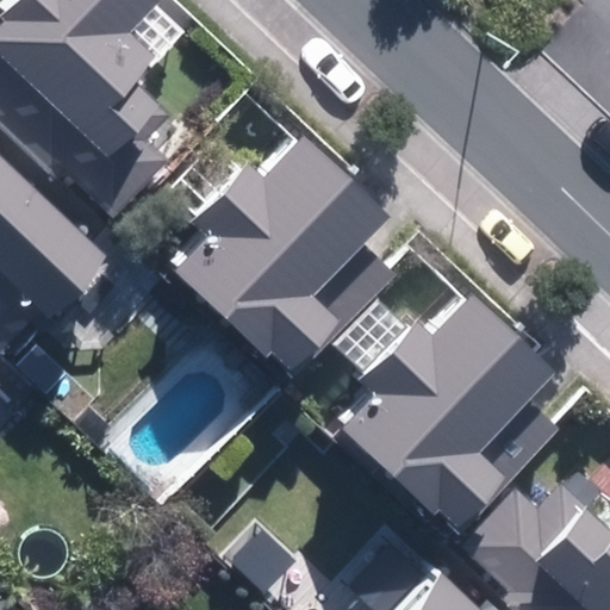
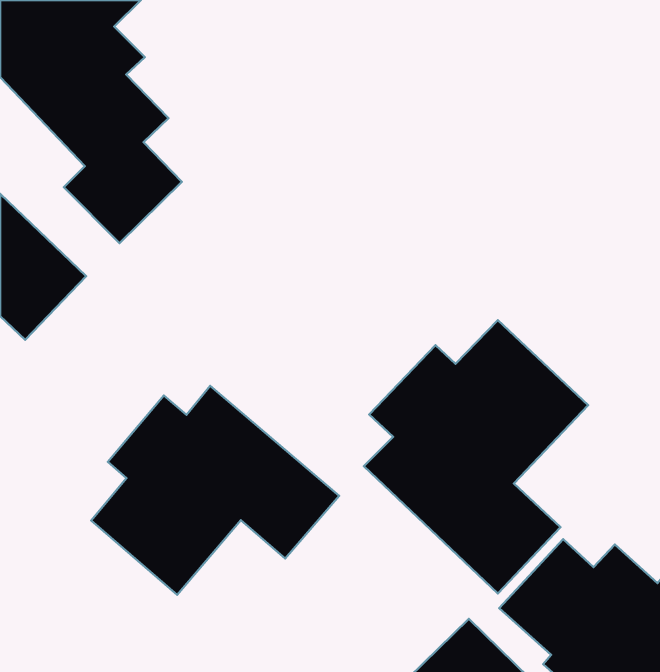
building: [181,130,387,376] -> none
building: none -> [91,386,339,595]

